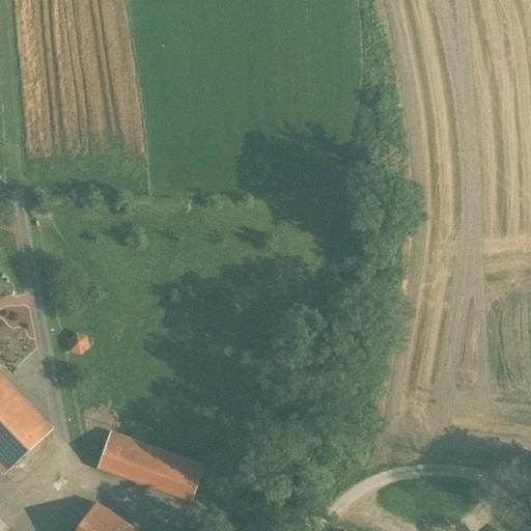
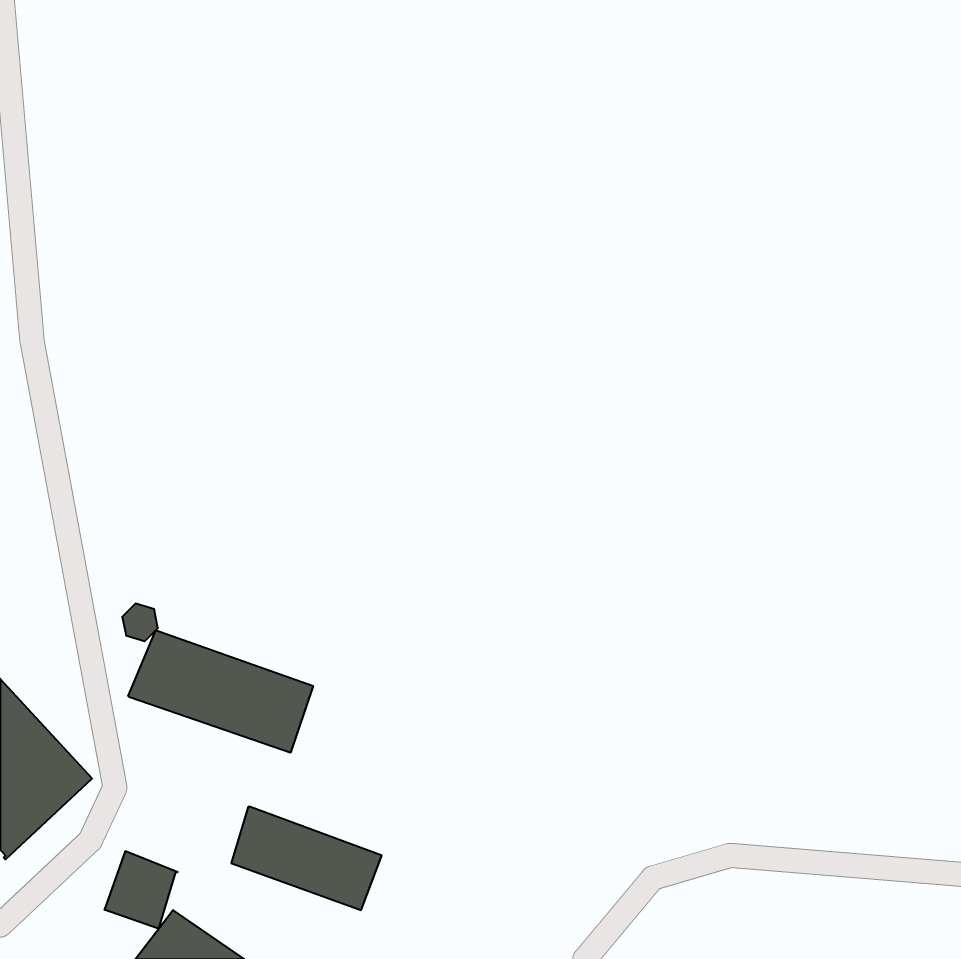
building: none -> [128,630,313,753]
building: [97,434,138,476] -> [104,851,178,928]

